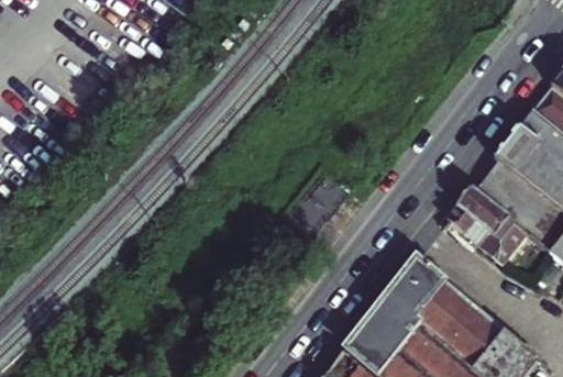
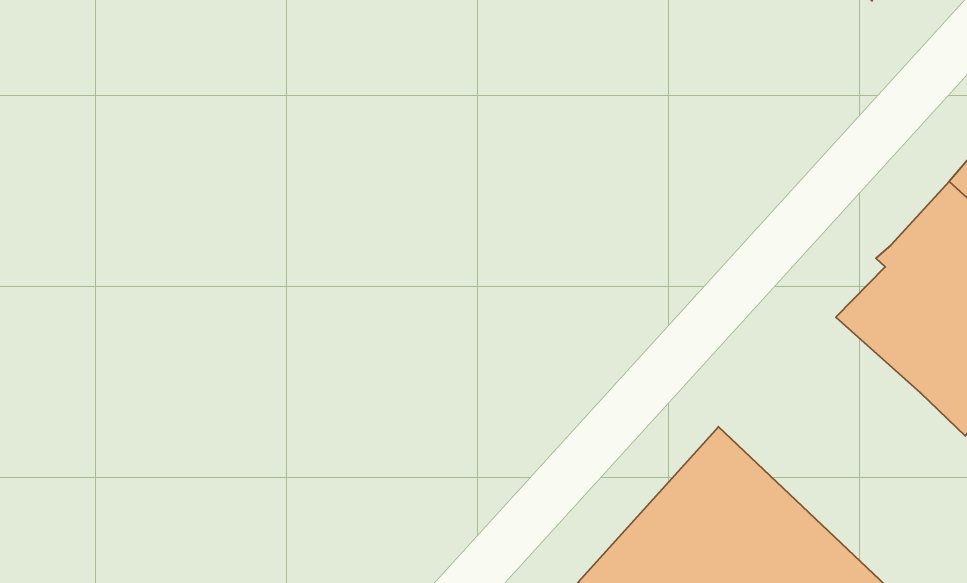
building: [445,189,522,262] -> none

